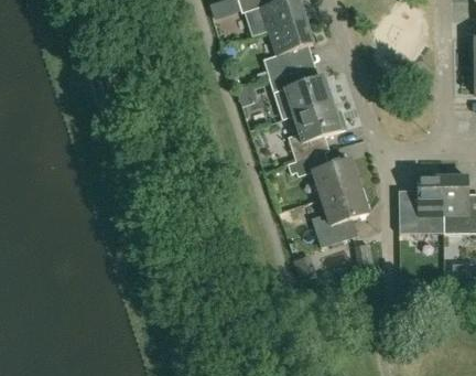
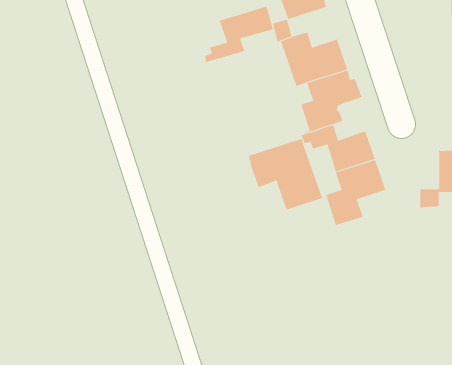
building: none -> [205,6,274,63]
building: none -> [248,138,323,210]

